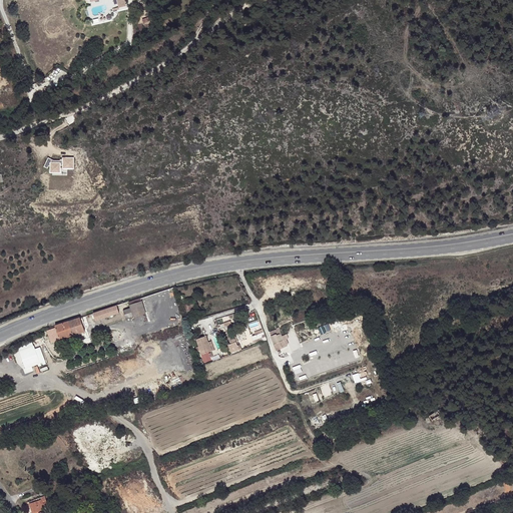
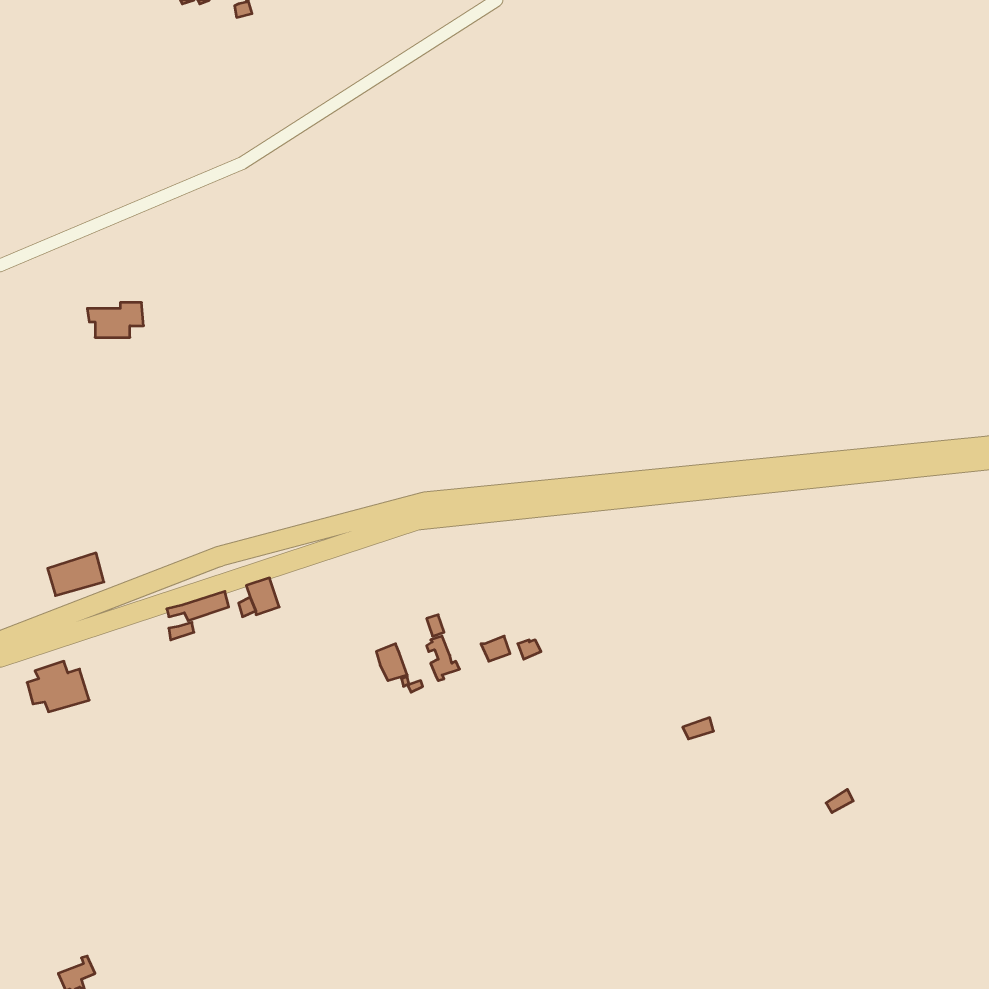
building: [54,318,83,340] -> [48,553,104,596]

